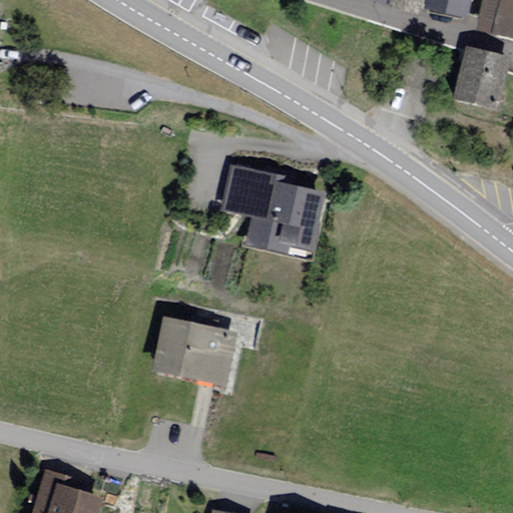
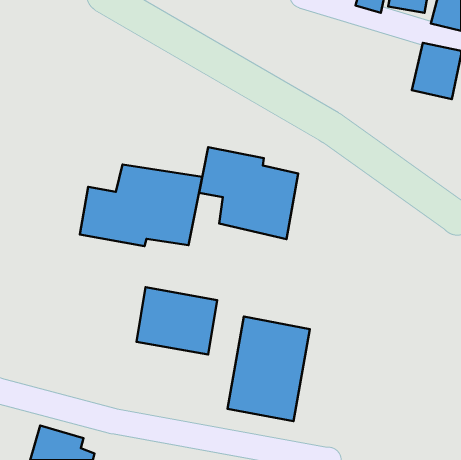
building: none -> [80,165,202,246]
building: none -> [228,317,310,421]

